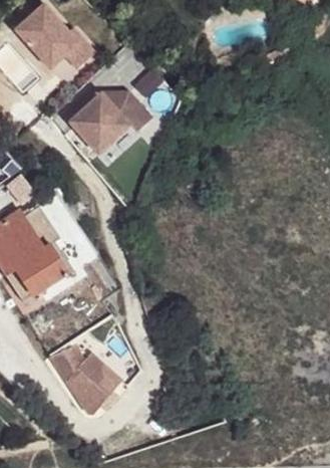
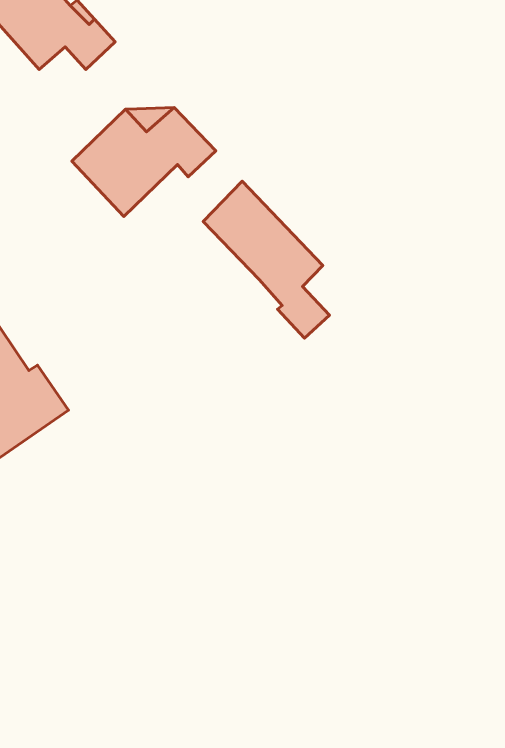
building: none -> [203,181,330,338]
building: [50,342,121,412] -> none

